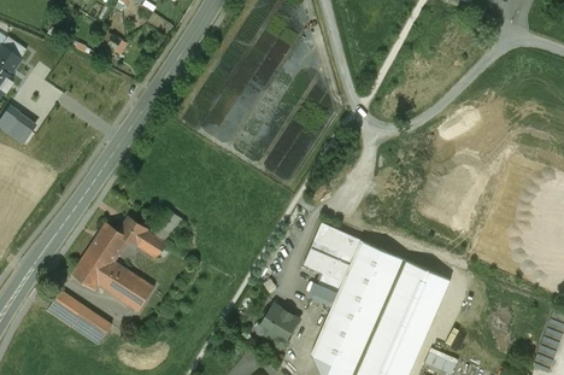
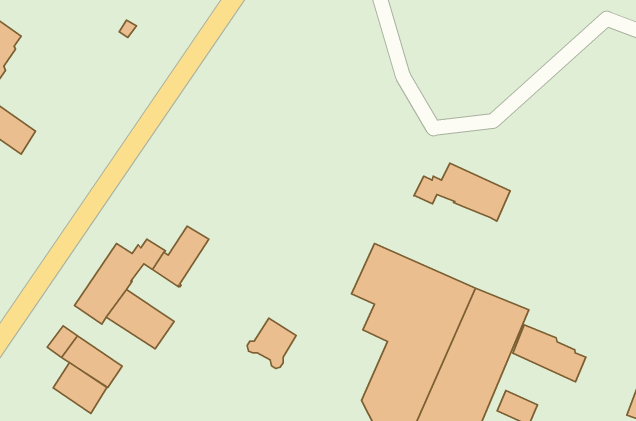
building: none -> [414,163,510,221]
building: none -> [513,325,586,382]
building: [255,305,296,347] -> [247,318,296,369]
building: none -> [53,363,107,414]

